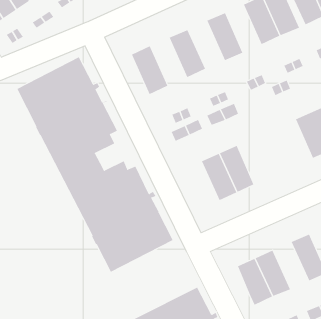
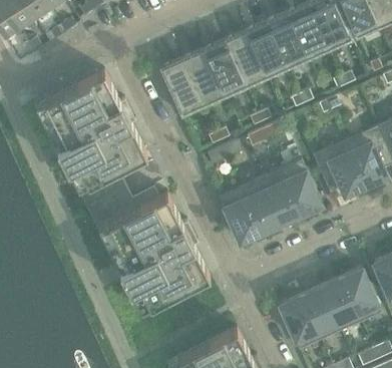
building: none -> [268,12,308,66]
building: none -> [226,30,267,84]
building: none -> [183,49,225,103]
building: none -> [313,140,365,194]
building: none -> [281,160,321,214]
building: none -> [220,188,261,241]
building: none -> [321,278,361,331]

